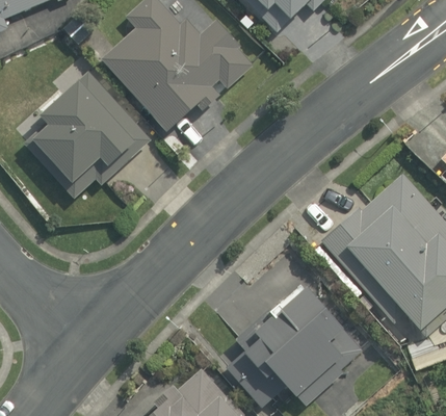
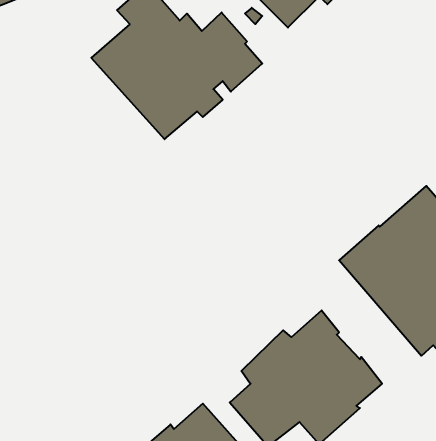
building: [25,71,152,199] -> none

